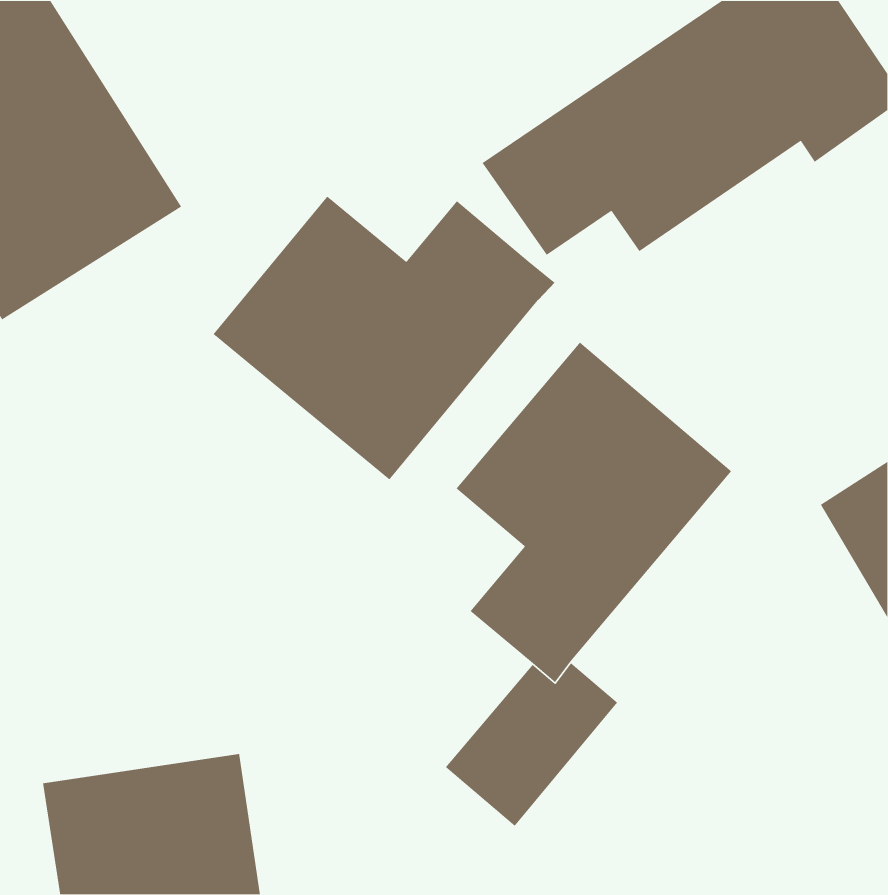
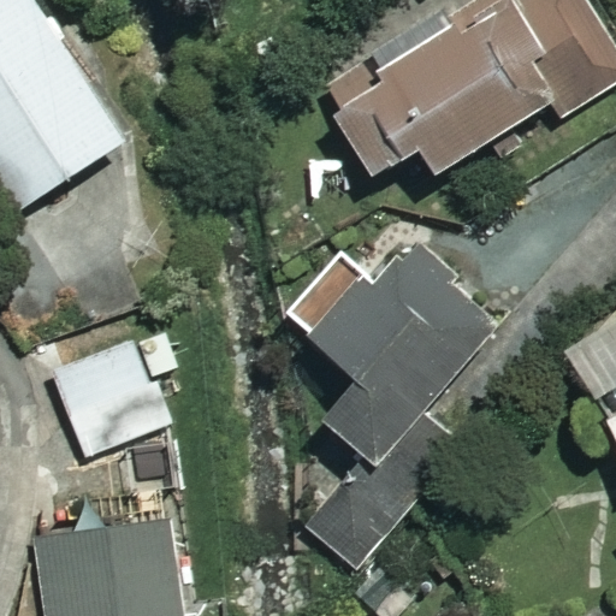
building: [212,195,555,480] -> none
building: none -> [52,338,173,461]

